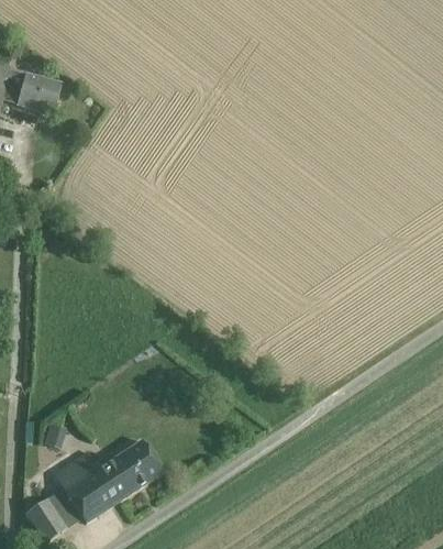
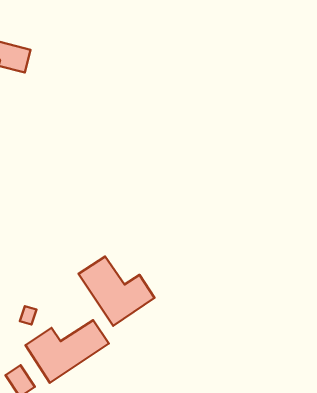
building: none -> [79,257,154,326]

